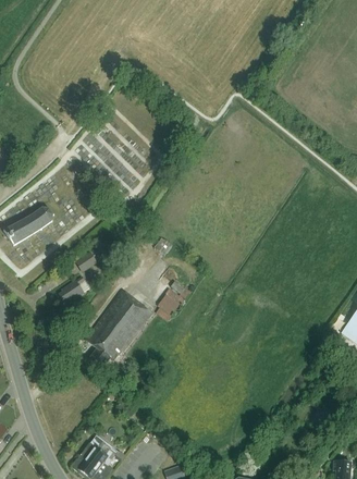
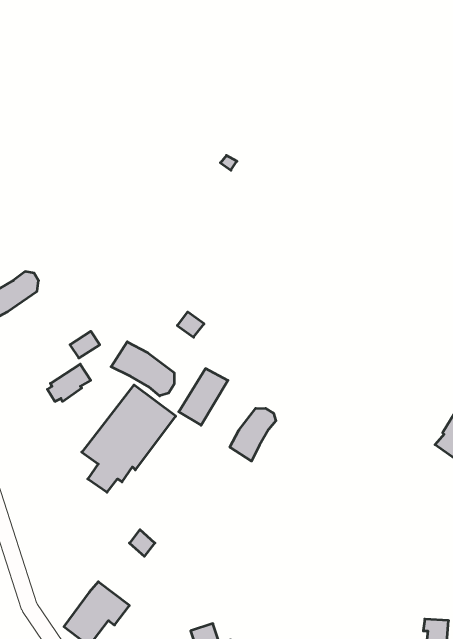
building: none -> [111,342,174,396]
building: none -> [230,408,276,461]

